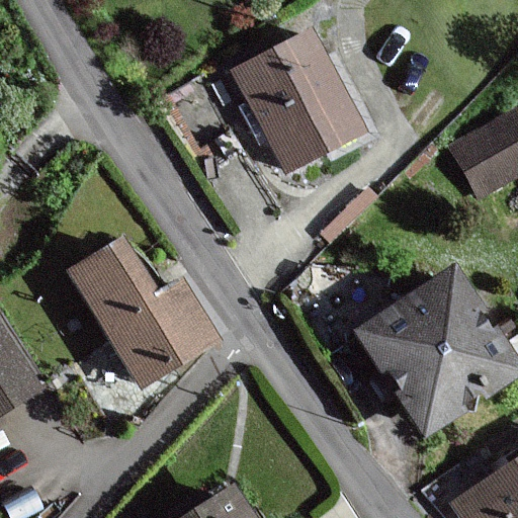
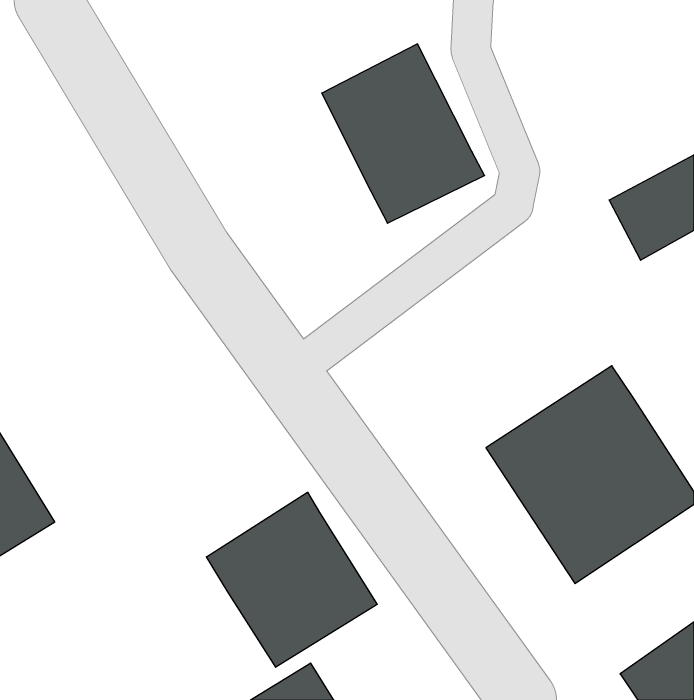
building: [69,239,214,385] -> none
building: none -> [206,492,377,667]

